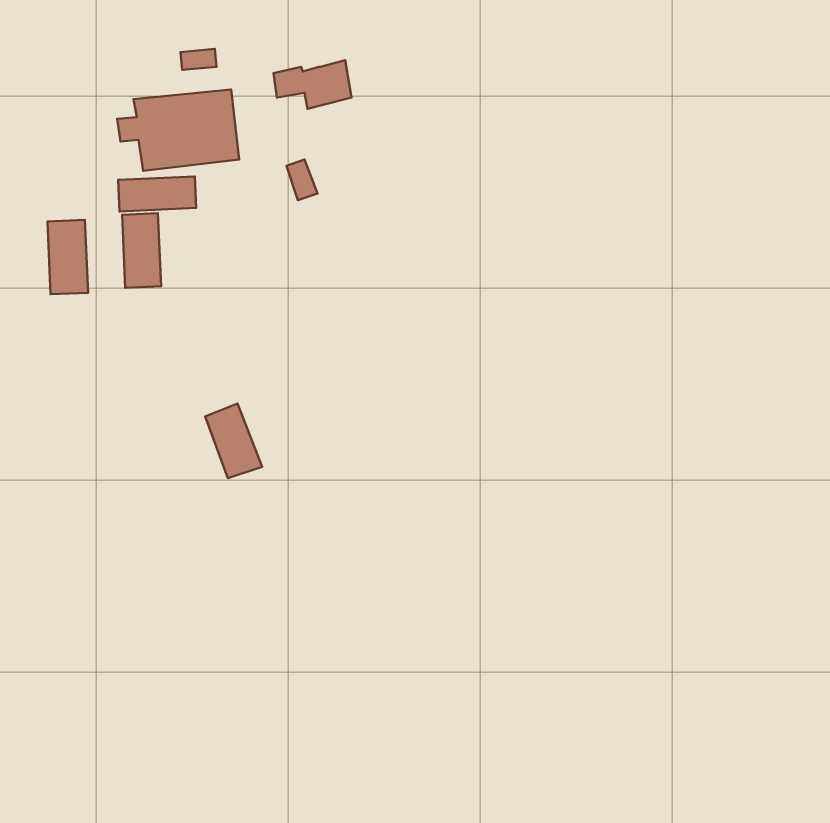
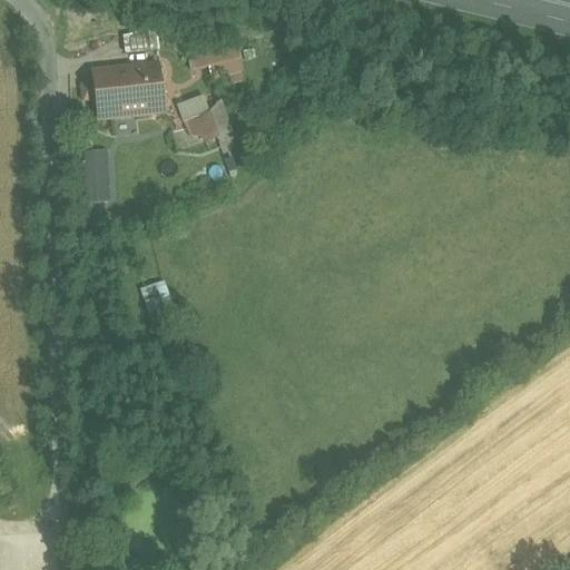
building: [118,176,196,211] -> none
building: [47,220,88,294] -> none

